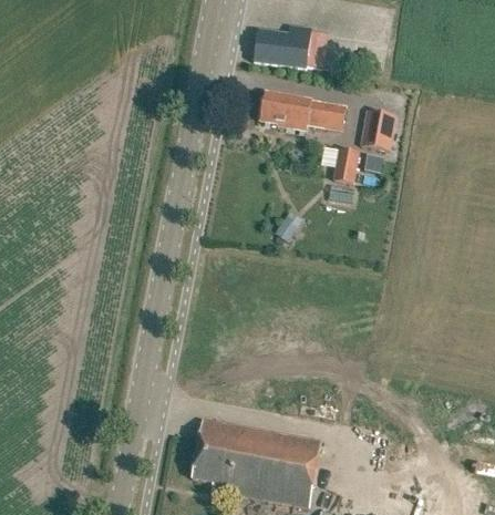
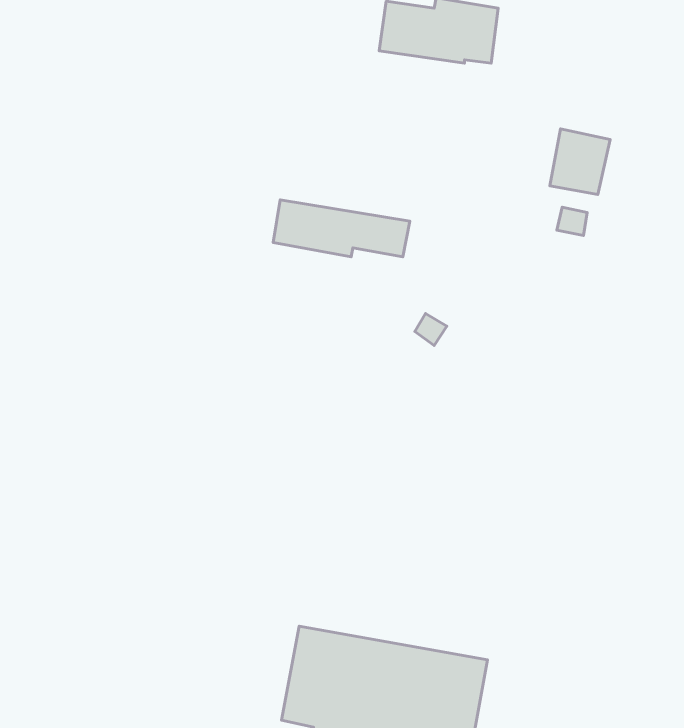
building: [259,93,344,128] -> [273,200,410,257]
building: [332,150,359,185] -> none

